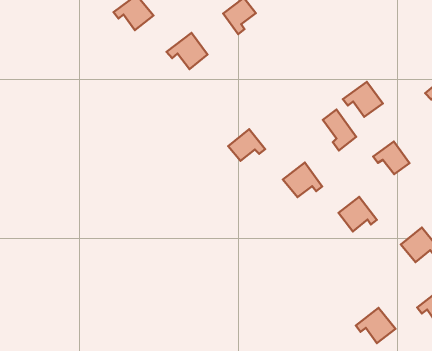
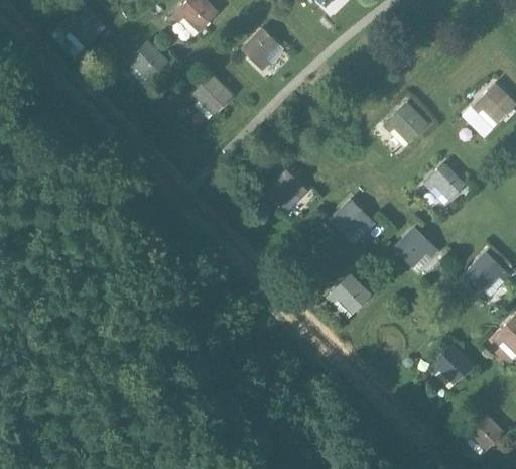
building: [323,110,356,150] -> none
building: none -> [327,274,371,318]

